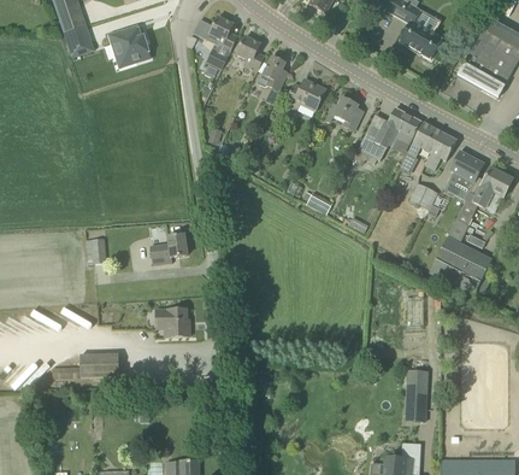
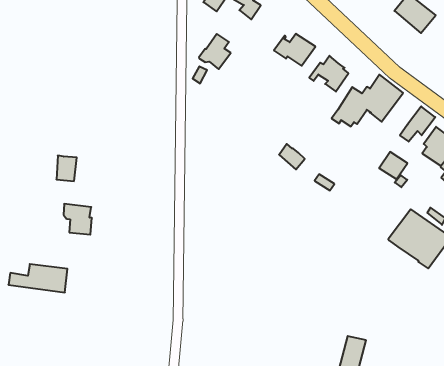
building: [258,55,289,90] -> [199,34,231,69]
building: [402,122,442,165] -> none
building: [151,233,188,264] -> none
building: [159,307,190,336] -> [64,204,92,235]

